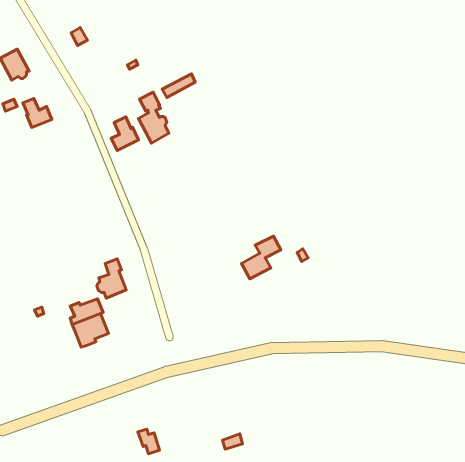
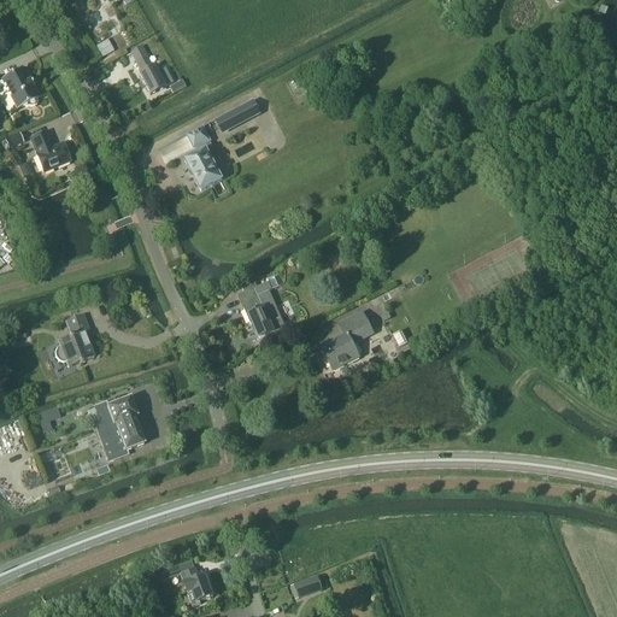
building: none -> [135,54,172,93]
building: [111,117,139,151] -> none
building: none -> [239,274,289,340]
building: [97,259,126,298] -> [55,315,94,366]

